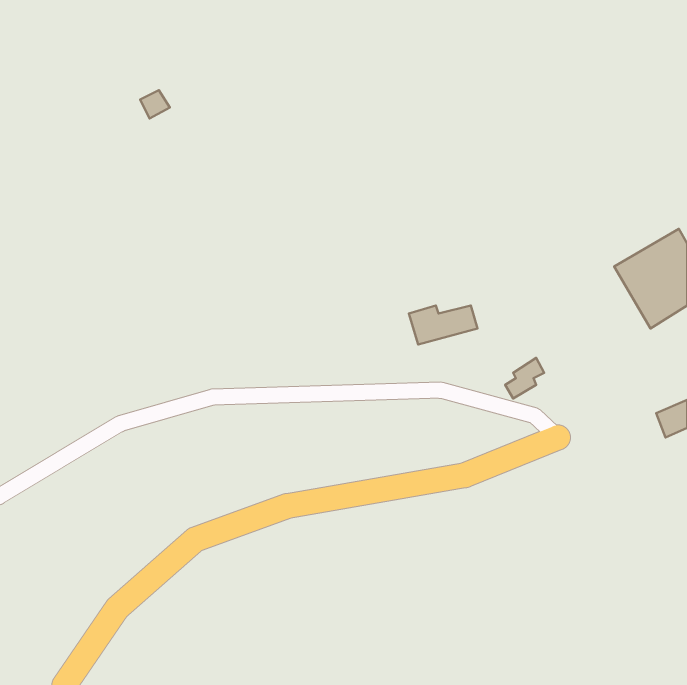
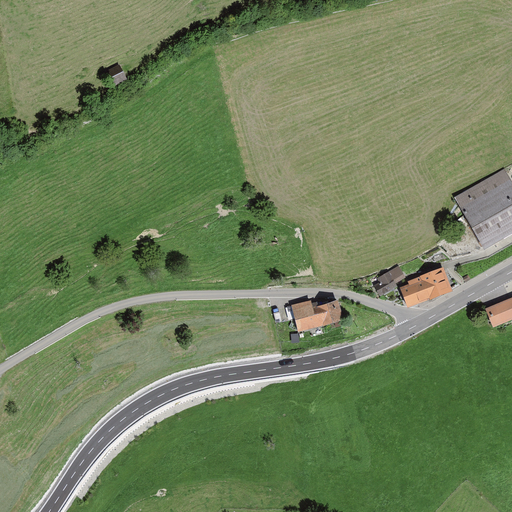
building: [409,306,478,345] -> [291,300,342,329]
building: none -> [402,267,450,305]

